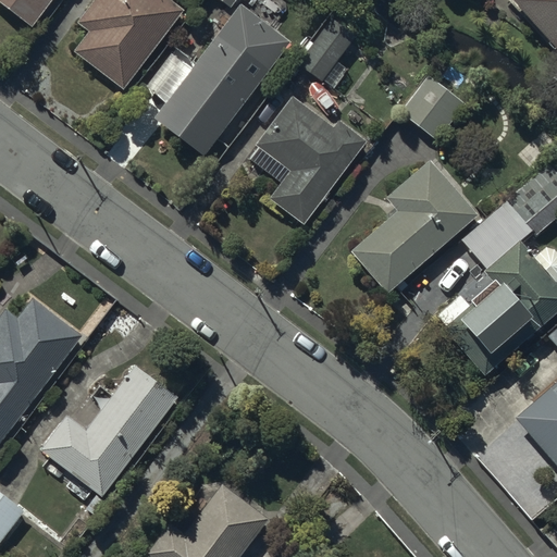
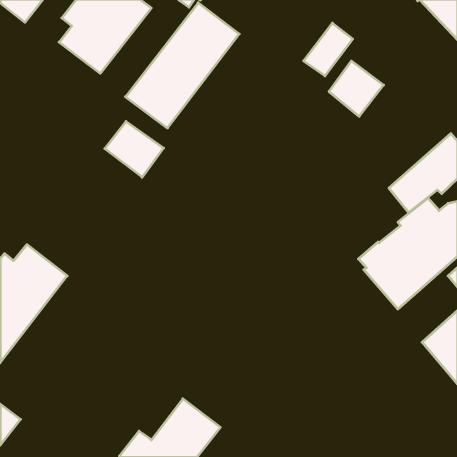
building: [296,16,356,81] -> [304,23,353,76]
building: [249,95,368,225] -> none
building: none -> [105,121,164,177]
building: [350,159,479,294] -> none
building: [40,364,178,500] -> none

